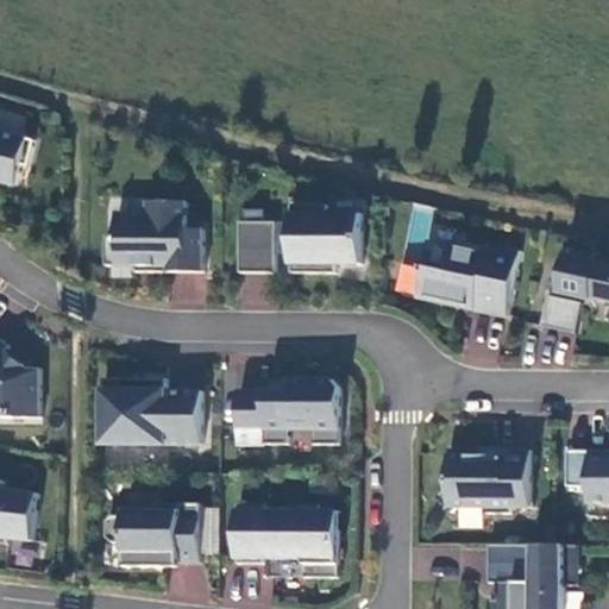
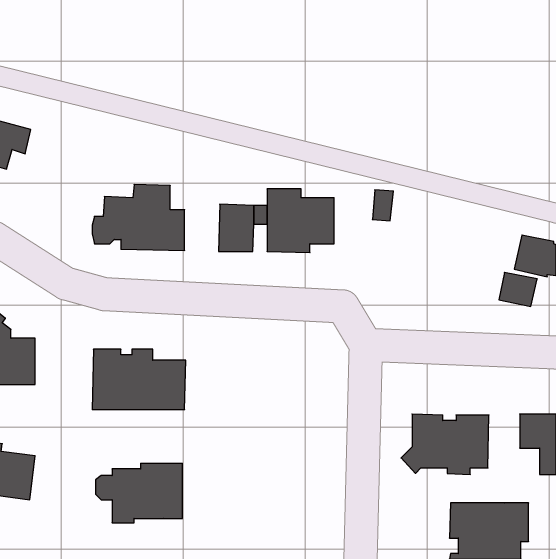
building: [414,240,520,316] -> none
building: [236,379,339,445] -> none
building: [234,504,338,578] -> none

